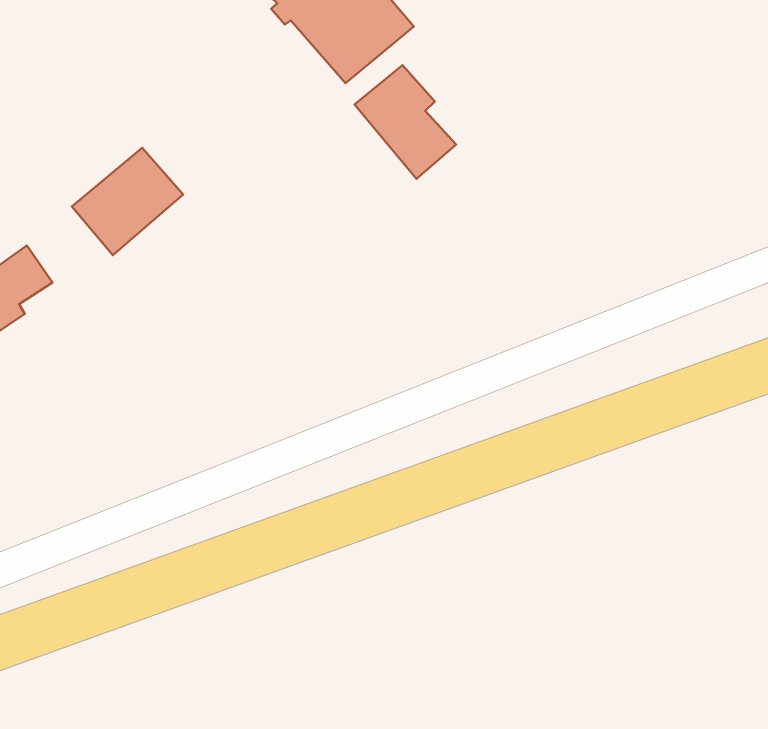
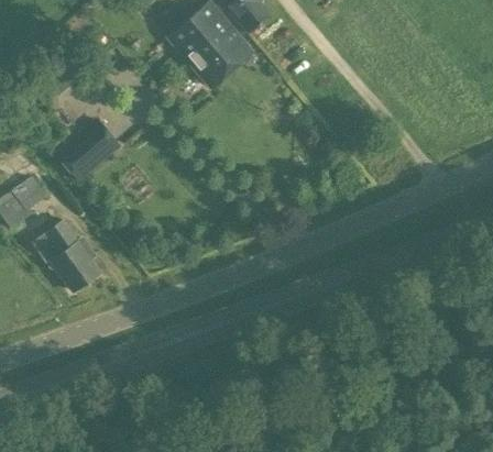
building: [354,65,456,179] -> none
building: none -> [32,218,100,288]

